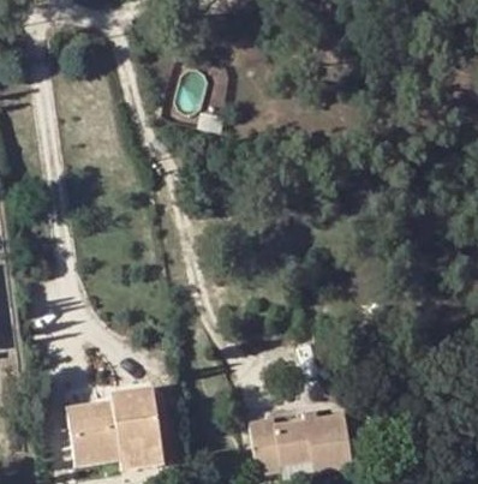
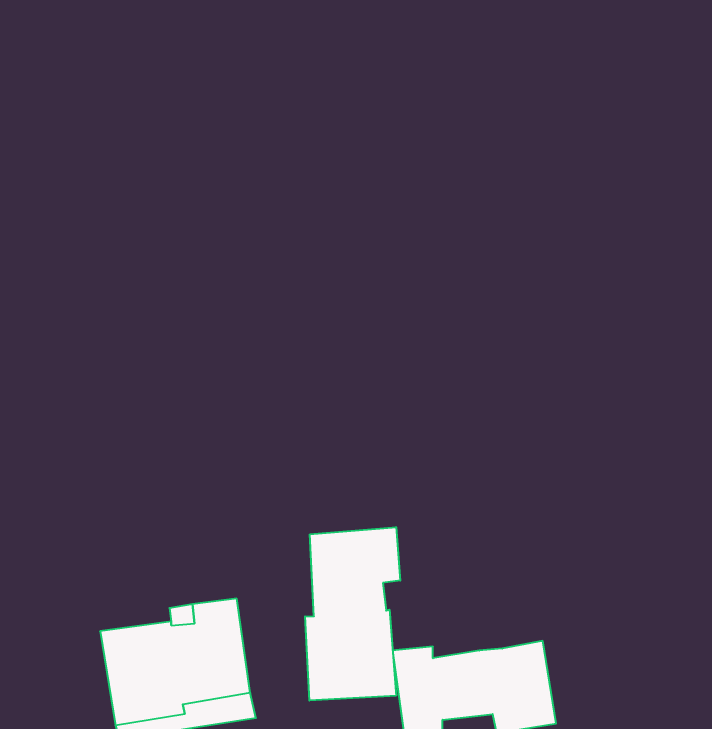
building: none -> [305,527,400,701]

